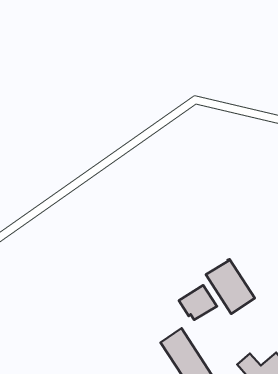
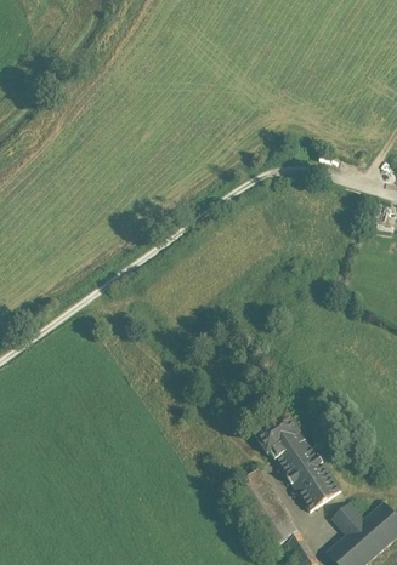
building: [206,259,255,314] -> [276,436,341,509]

